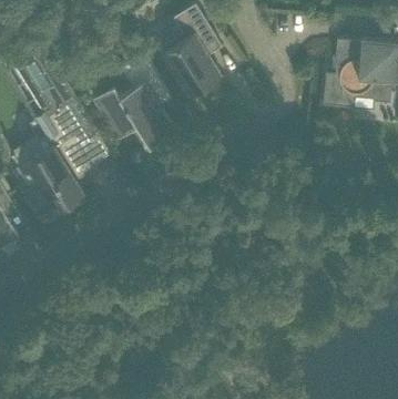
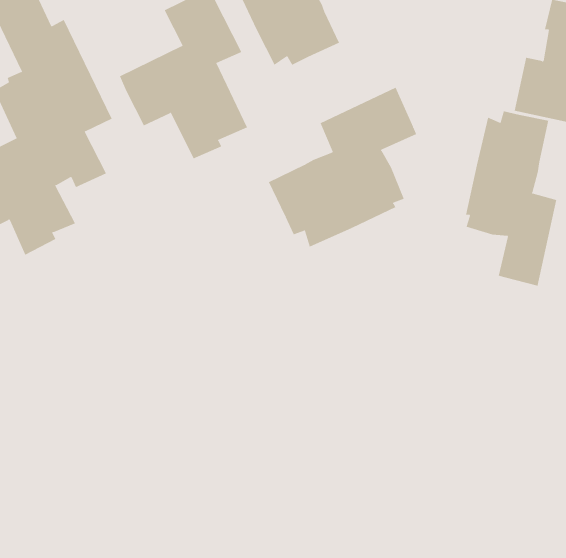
building: none -> [268,87,417,248]
building: none -> [466,111,557,286]

